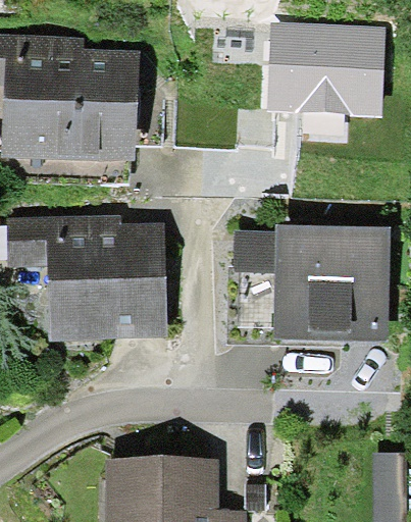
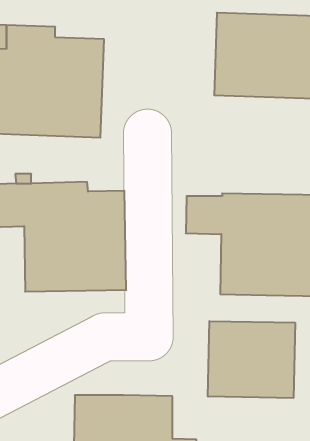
building: none -> [208,321,295,398]

